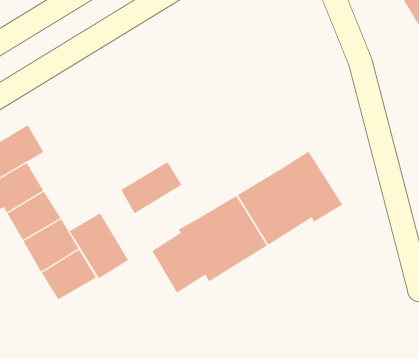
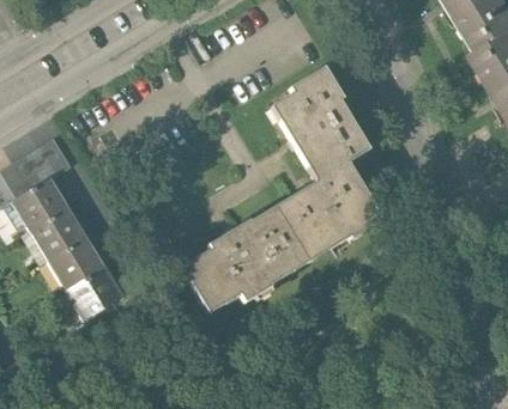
building: none -> [268,65,369,182]
building: [121,161,182,214] -> none
building: [69,213,129,279] -> none

